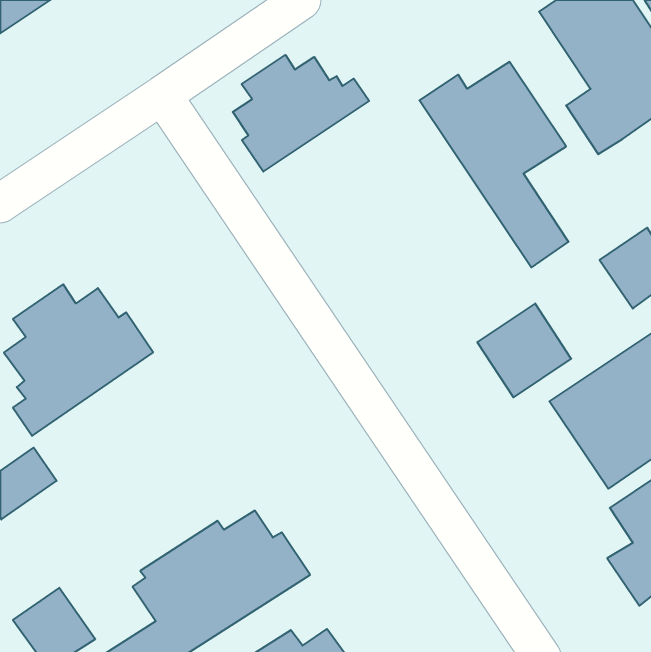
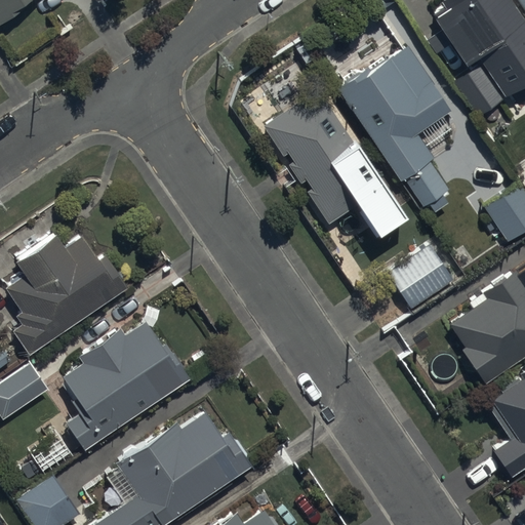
building: [233,55,369,172] -> none
building: none -> [265,92,409,246]
building: none -> [60,319,190,448]

